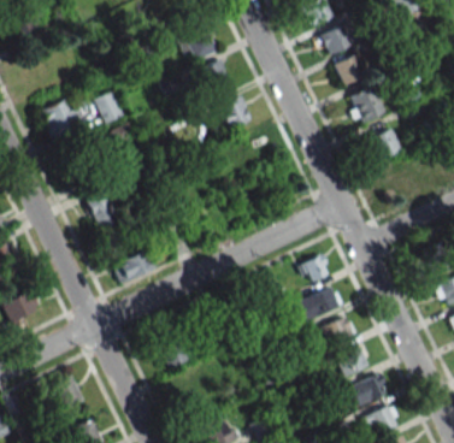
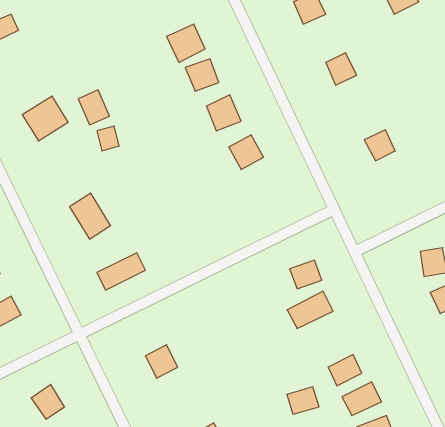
building: [322,25,352,55] -> none
building: [349,87,385,124] -> none
building: [323,318,354,344] -> [287,387,319,414]

